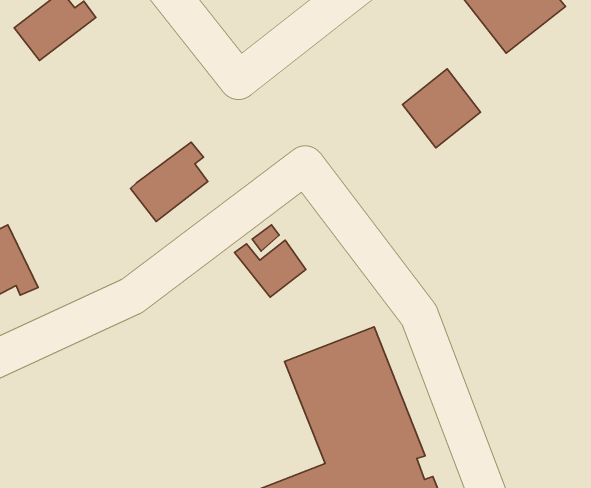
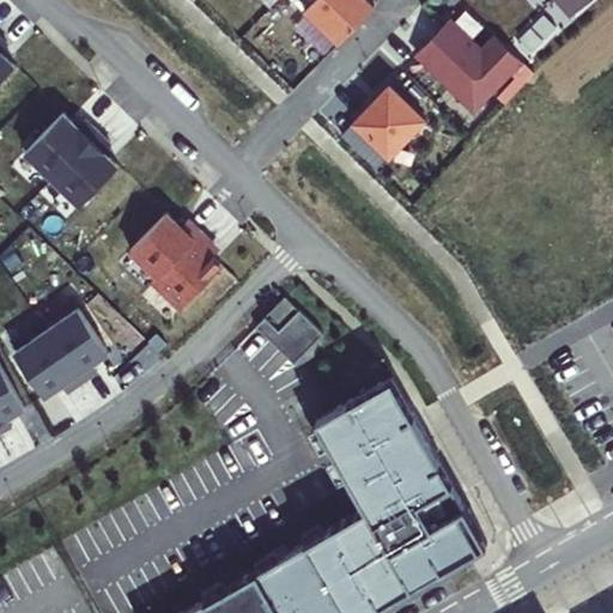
building: none -> [50,135,116,210]
building: [403,69,481,148] -> [351,86,423,159]
building: none -> [127,216,199,280]
building: none -> [43,314,105,388]

